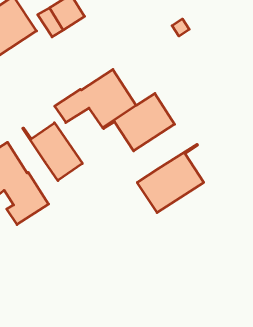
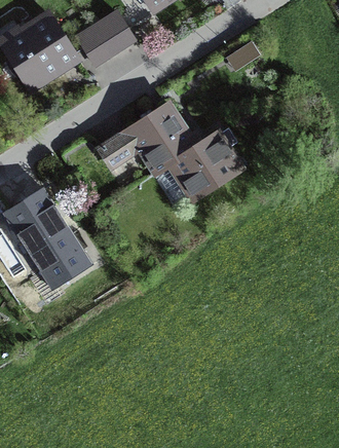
building: [23,123,82,181] -> none
building: [137,144,204,213] -> none

